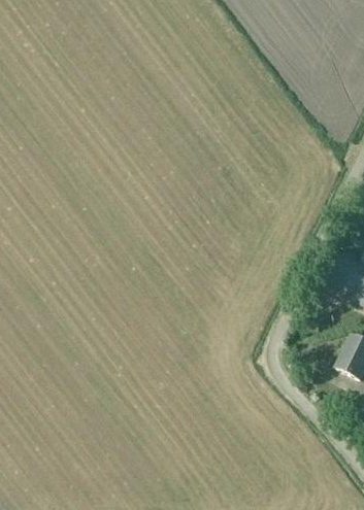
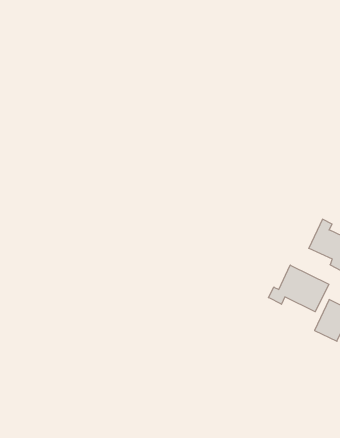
building: none -> [268,265,329,312]

